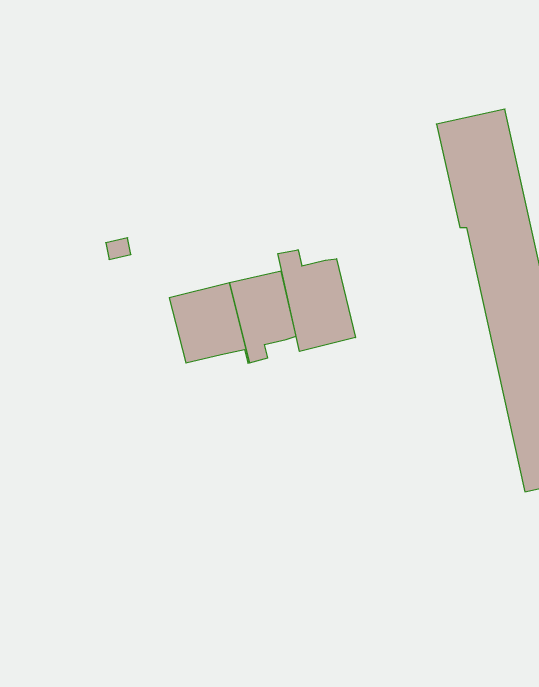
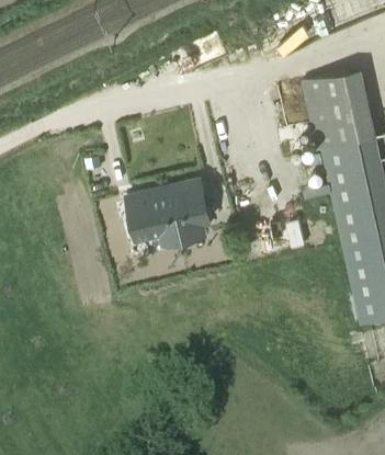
building: [278,250,355,351] -> none

